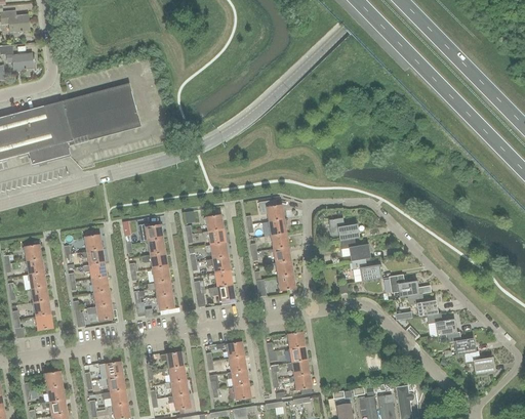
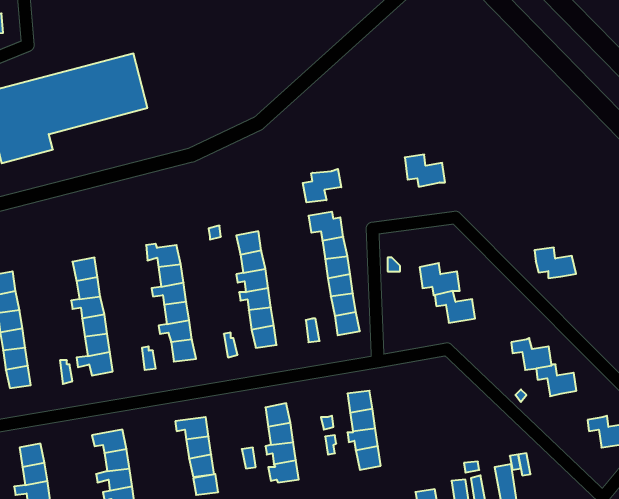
building: none -> [303,169,341,202]
building: [329,217,359,241] -> [405,155,445,187]
building: [389,275,419,297] -> [534,248,576,278]
building: [445,332,476,354] -> none

